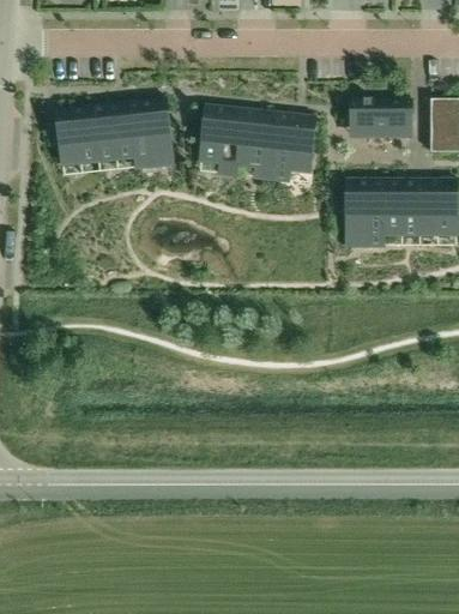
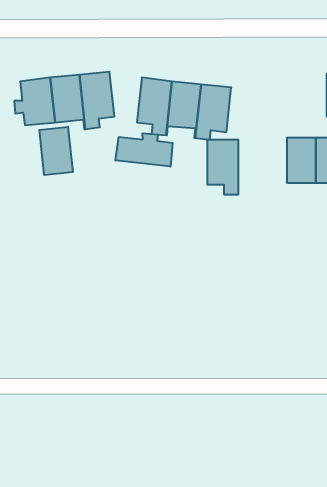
building: [351,102,411,138] -> none
building: none -> [39,127,73,175]
building: none -> [116,133,173,167]
building: [346,182,385,249] -> [207,140,238,194]

